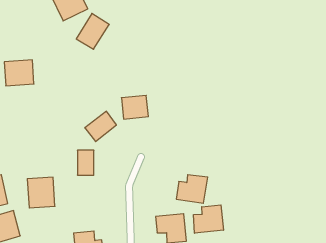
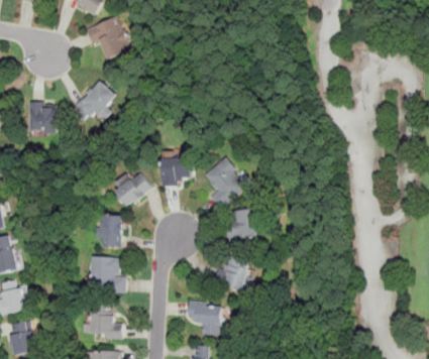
building: [76,13,109,49] -> [75,80,115,122]
building: none -> [203,159,247,209]
building: none -> [227,212,255,240]
building: [27,177,55,208] -> [92,257,123,292]
building: [194,205,223,233] -> none

